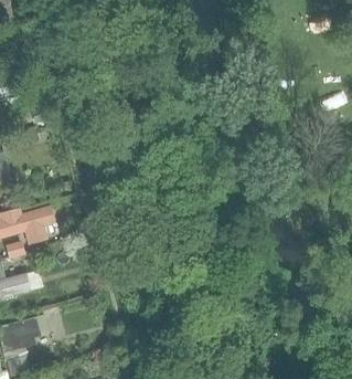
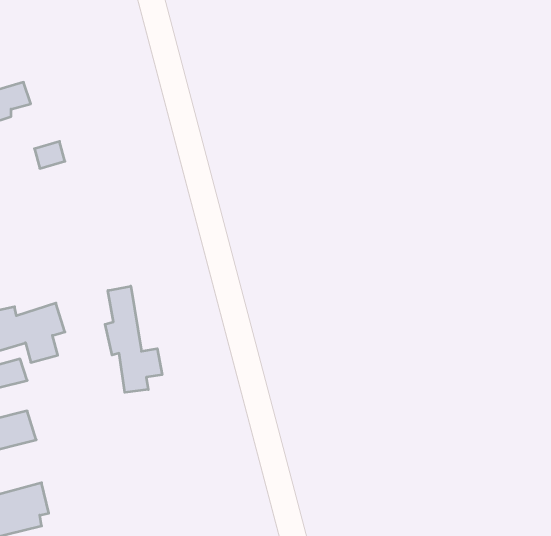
building: none -> [105,286,162,392]

